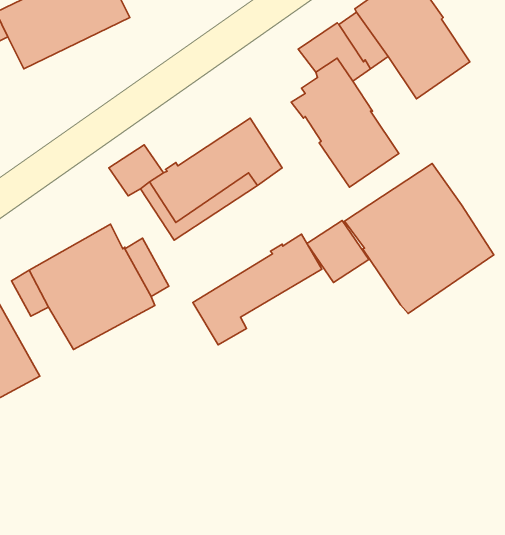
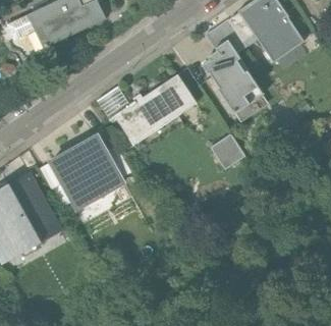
building: [345,164,494,314] -> none
building: [193,234,322,345] -> none

